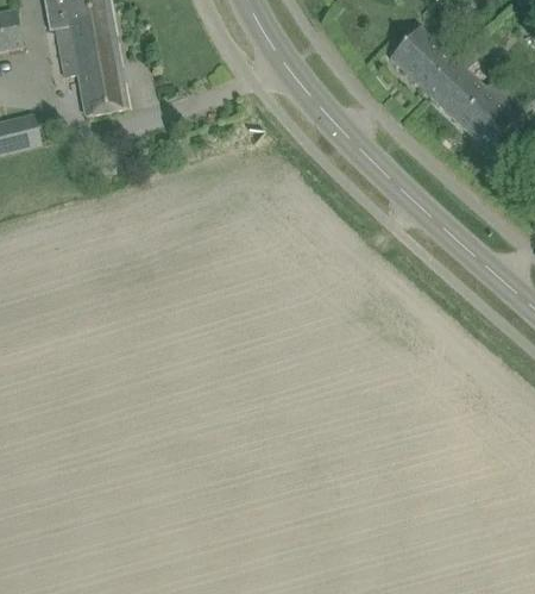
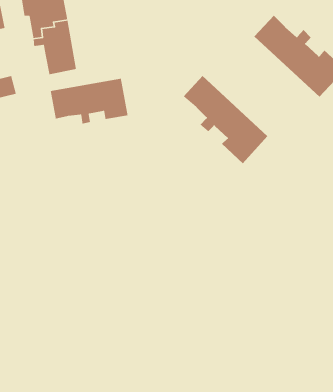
building: none -> [183,75,268,164]
building: none -> [50,78,128,125]

